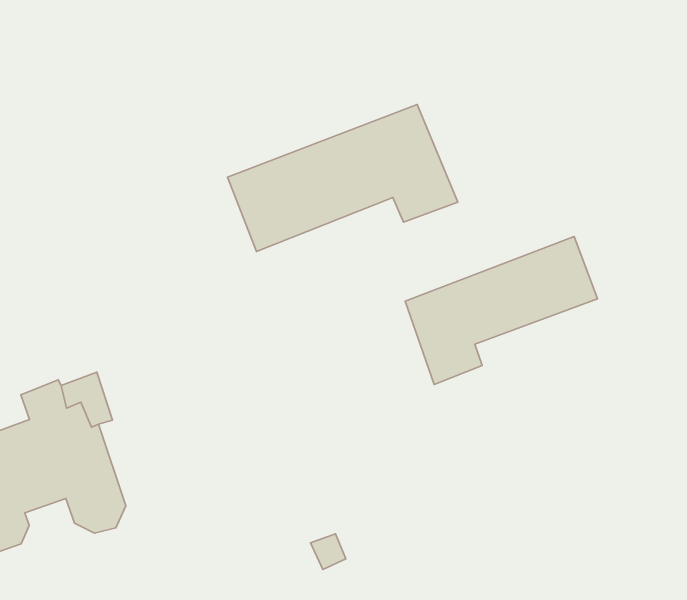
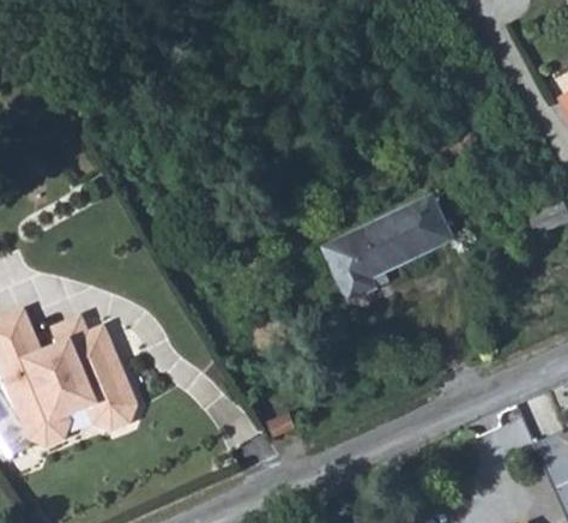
building: [228,104,458,252] -> none

